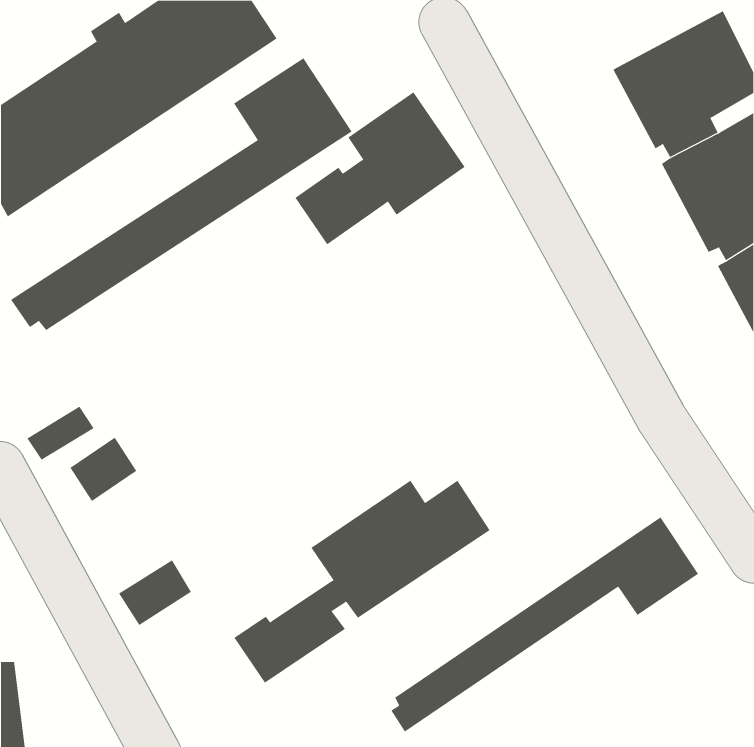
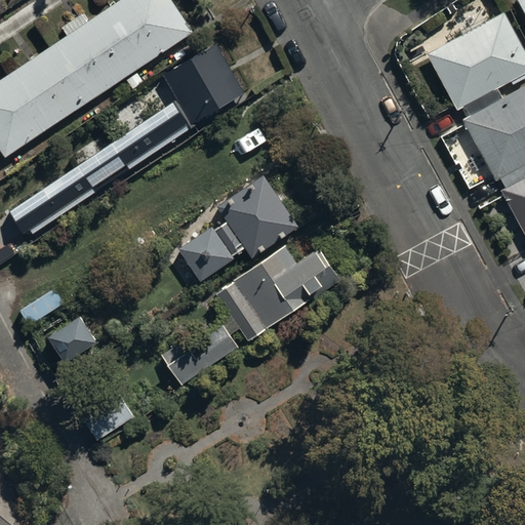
building: [294,92,466,245] -> [180,171,299,278]
building: [234,480,490,684] -> [162,244,340,386]
building: [391,517,699,733] -> none

